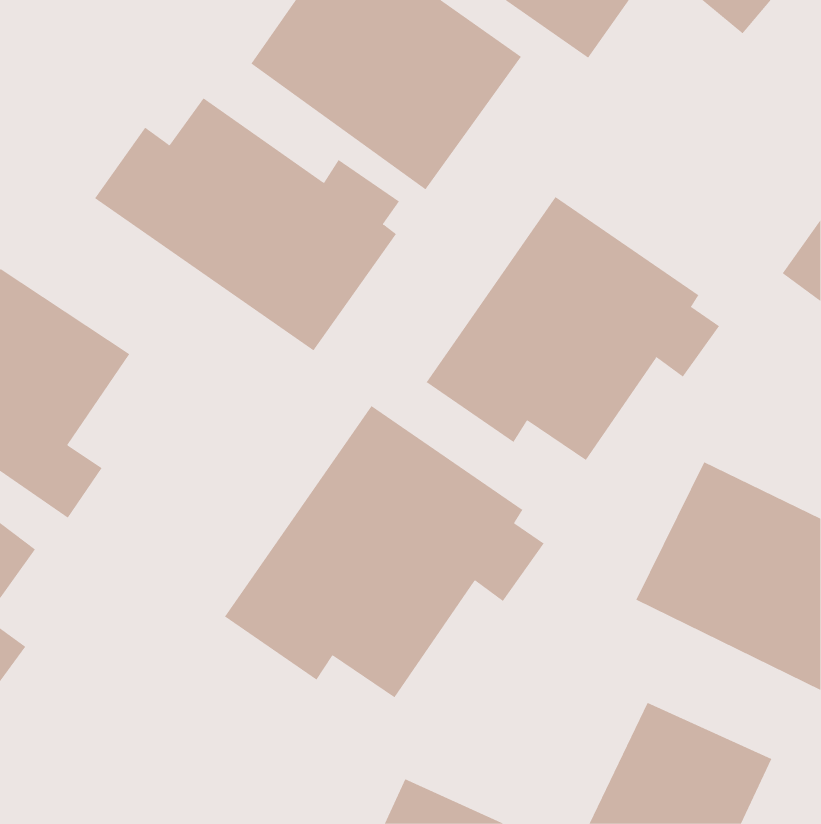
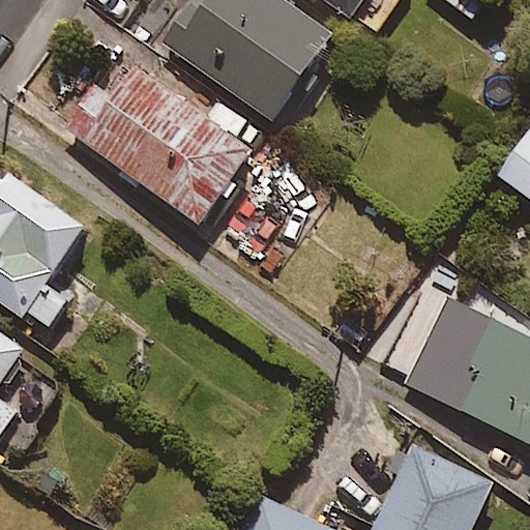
building: [426,196,720,461] -> none
building: [224,405,545,698] -> none

